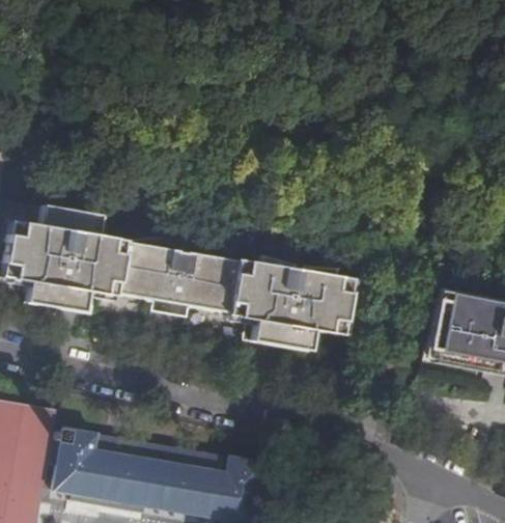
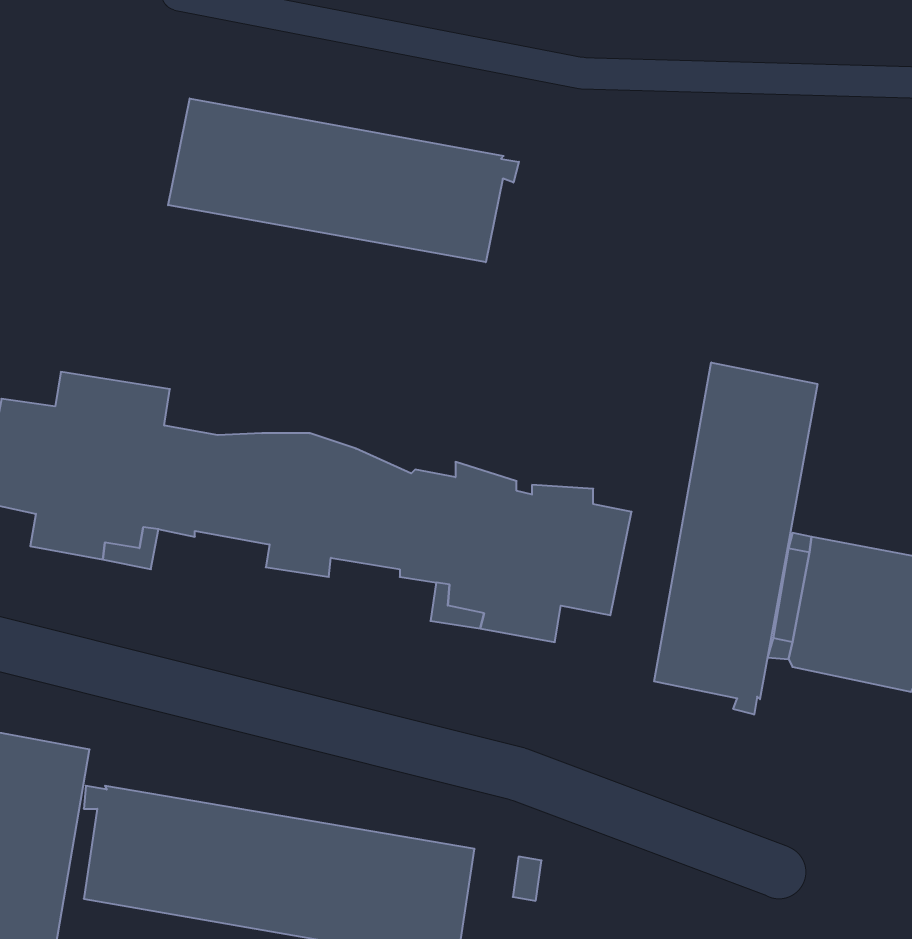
building: none -> [168,98,519,262]
building: none -> [654,362,817,715]

